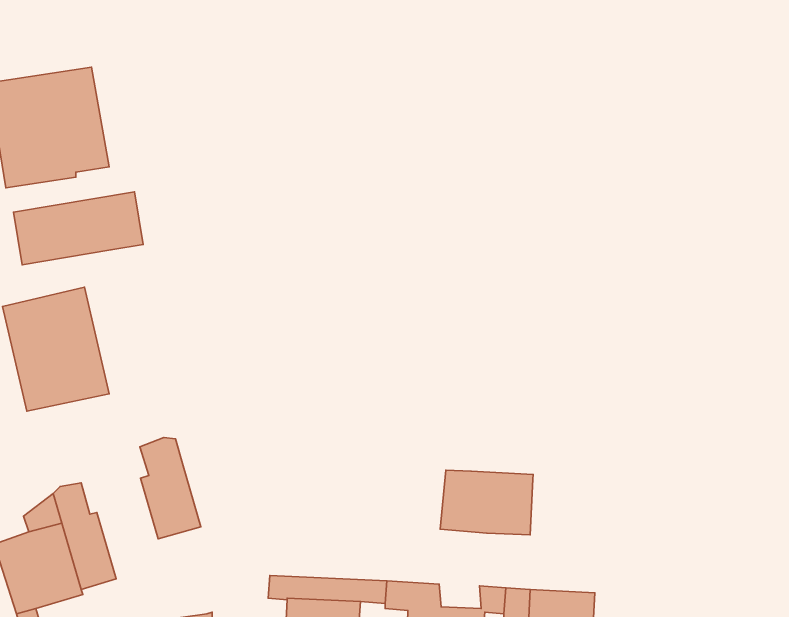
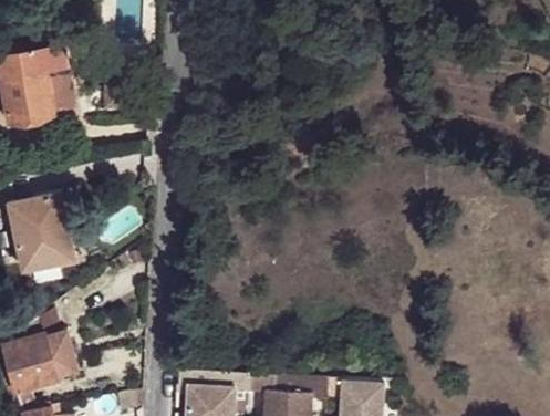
building: [13,192,143,265] -> none
building: [140,437,201,539] -> none
building: [440,470,533,535] -> none

